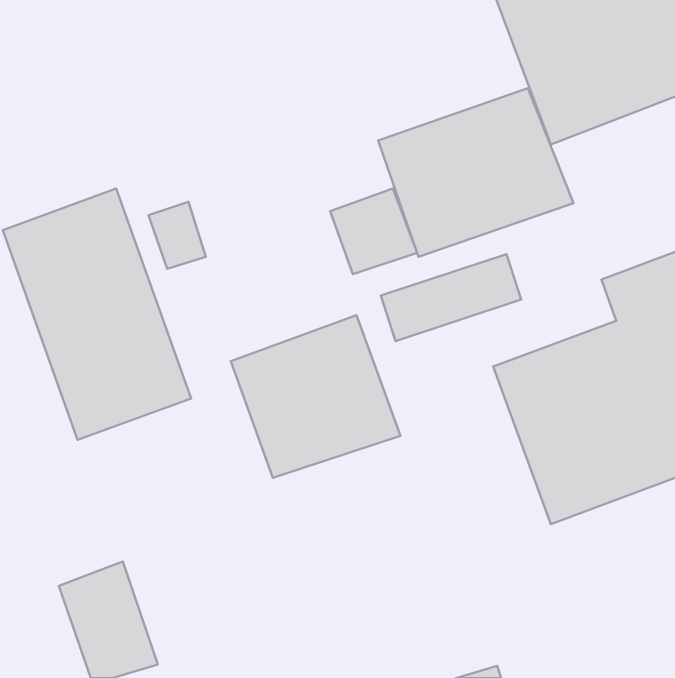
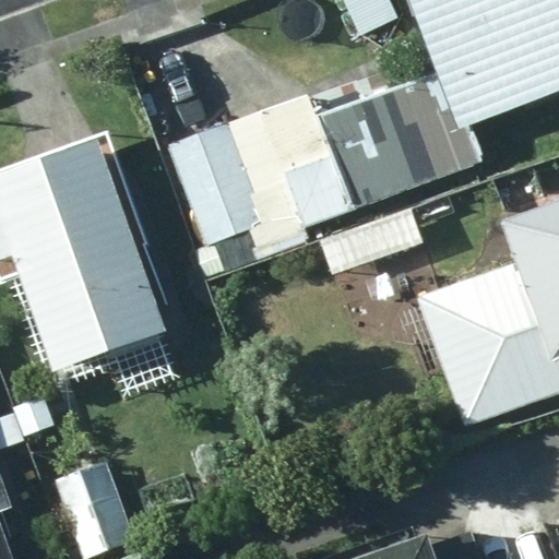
building: none -> [170,123,265,240]
building: [231,315,401,478] -> none

